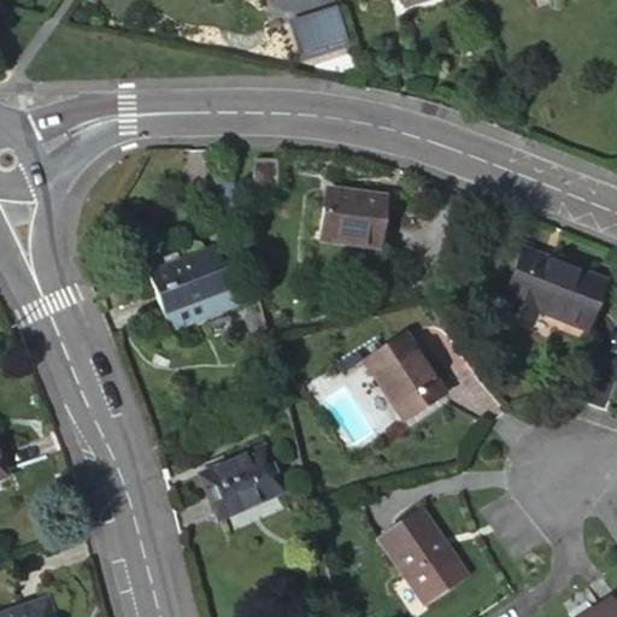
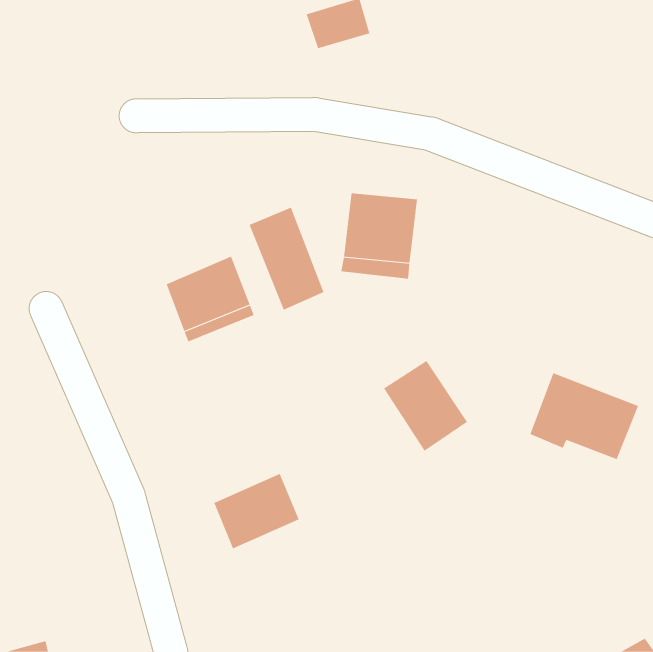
building: none -> [249,207,324,310]
building: [504,254,606,336] -> [530,372,639,460]
building: [375,504,468,603] -> none

